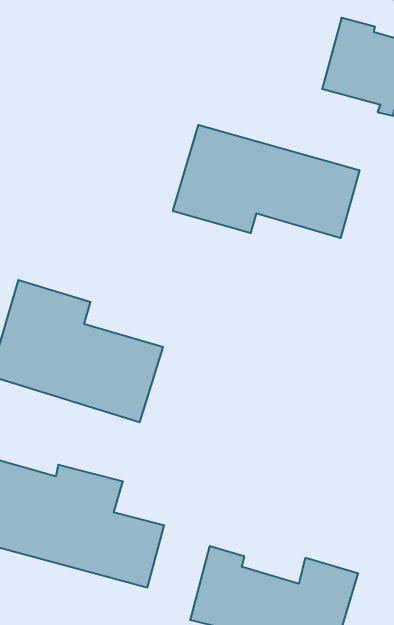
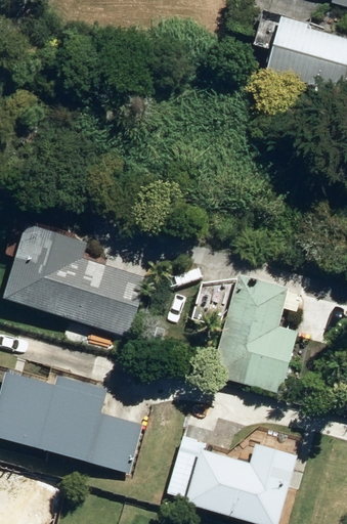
building: [173,125,359,238] -> none
building: none -> [212,277,294,394]

